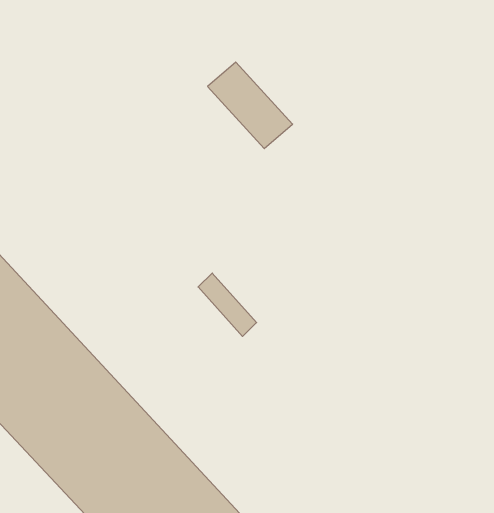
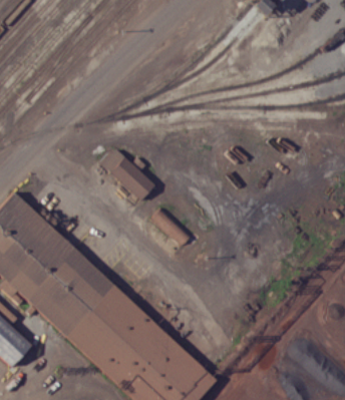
building: [208,62,293,149] -> [102,149,155,201]

